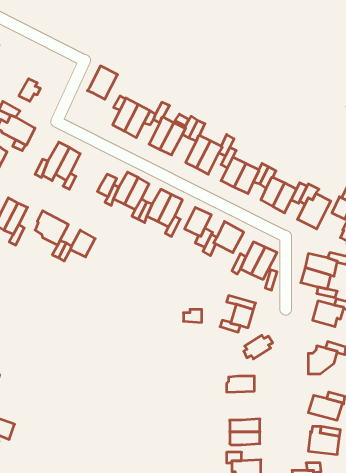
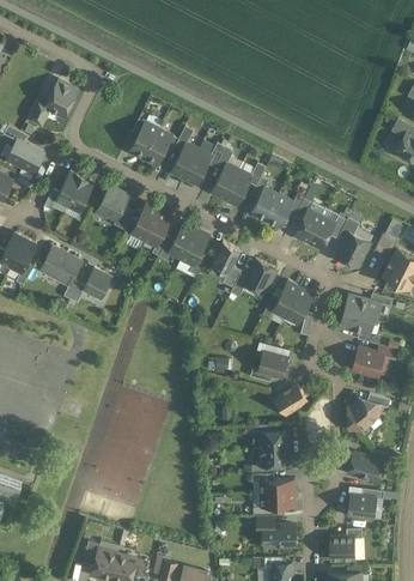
building: [87,66,118,99] -> [44,80,78,117]
building: none -> [97,186,129,220]
building: none -> [257,448,290,466]

